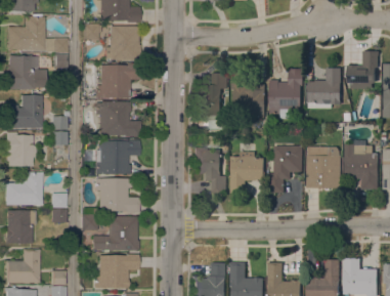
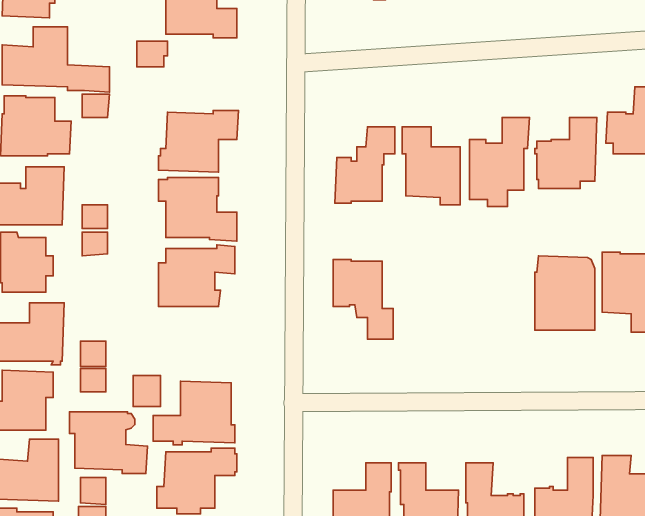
building: [104,26,138,60] -> none
building: [269,145,302,193] -> none
building: [230,151,264,193] -> none
building: [94,178,138,213] -> [69,412,148,474]

